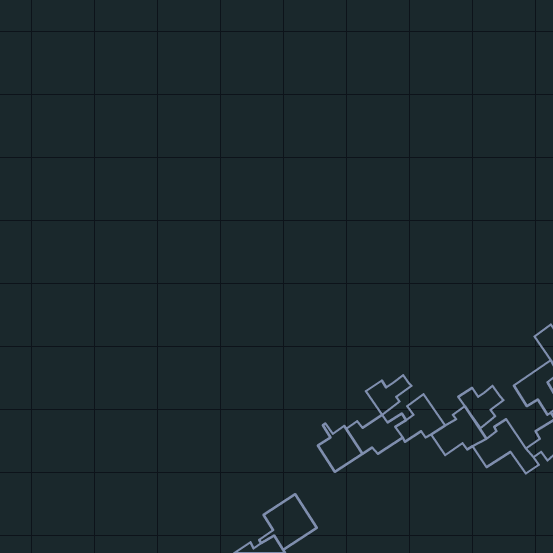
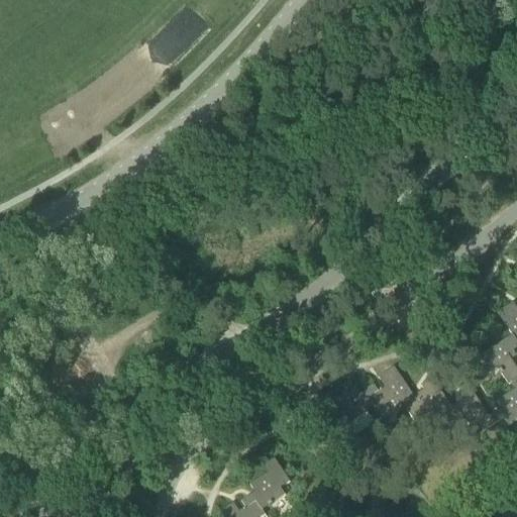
building: [366,375,411,415] -> none
building: [458,386,503,428] -> none
building: [318,424,362,472] -> none

